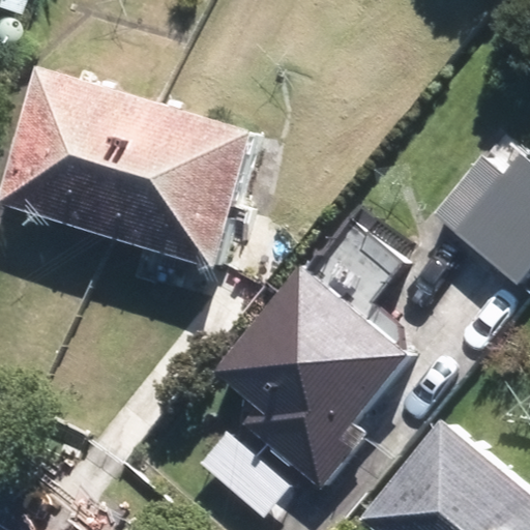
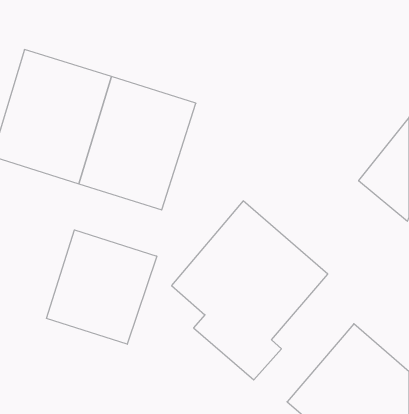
building: none -> [47,230,157,344]

